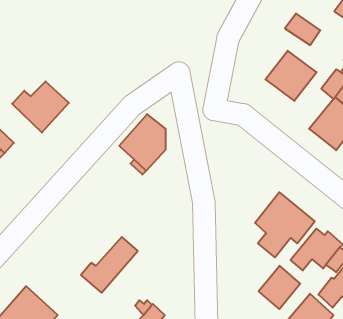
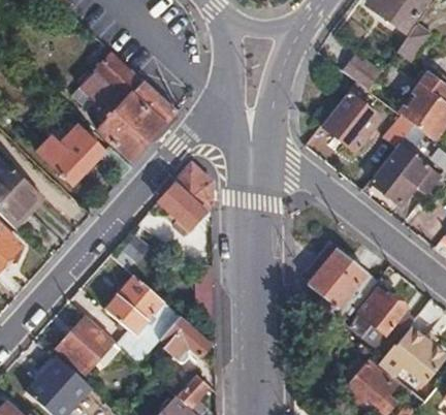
building: none -> [75,41,178,160]
building: none -> [106,276,162,331]
building: none -> [58,316,112,371]
building: none -> [162,316,213,360]
building: [259,266,300,309] -> none

